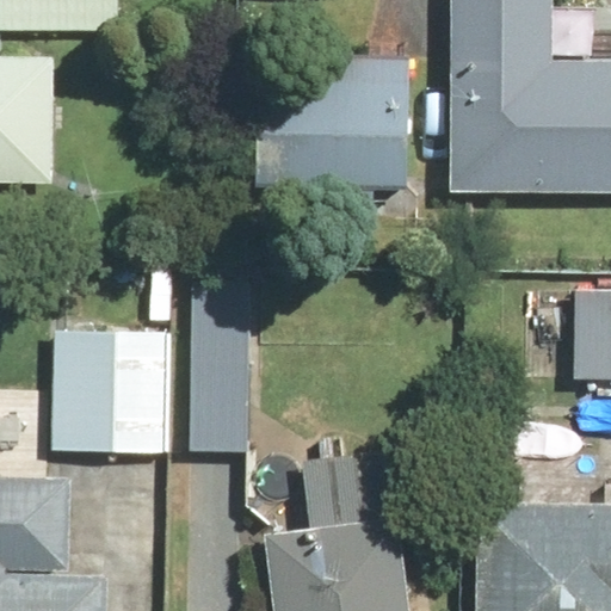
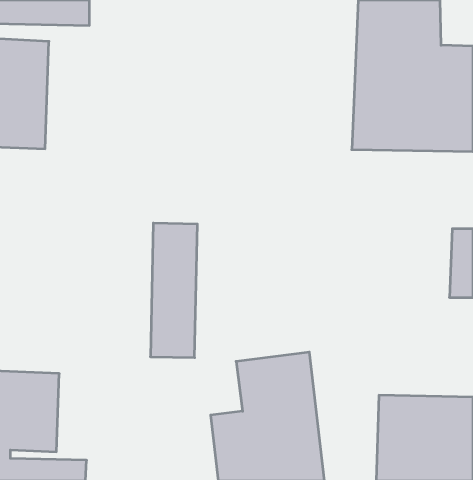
building: [259,55,413,190] -> none
building: [49,328,166,453] -> none

